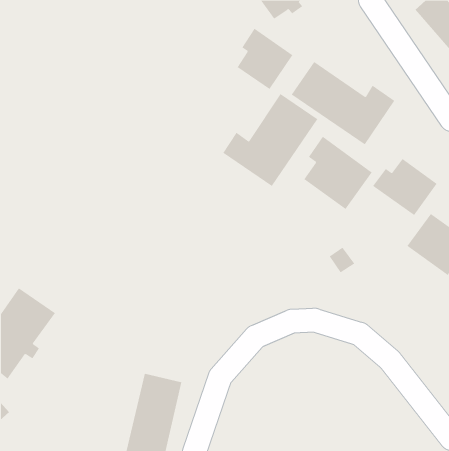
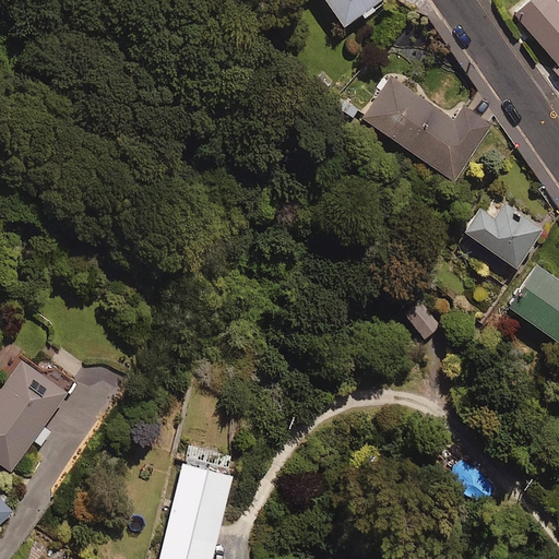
building: [237,28,293,90] -> none
building: [222,93,318,187] -> none
building: [303,136,373,210] -> none

